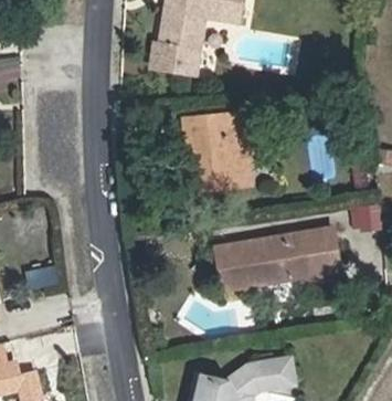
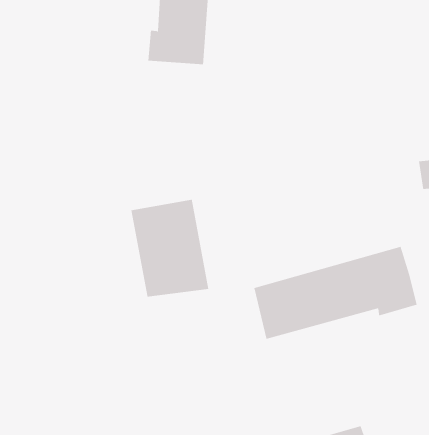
building: [187,116,241,188] -> [130,199,209,297]

